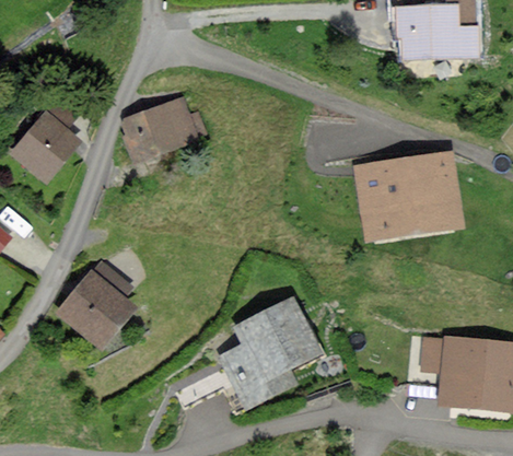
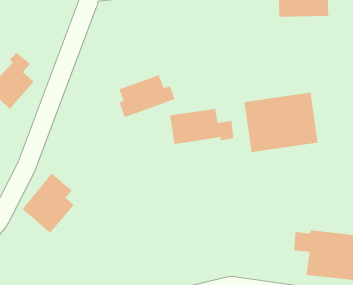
building: [126,100,202,159] -> [118,74,175,118]
building: none -> [169,108,234,145]
building: [223,300,317,405] -> none

